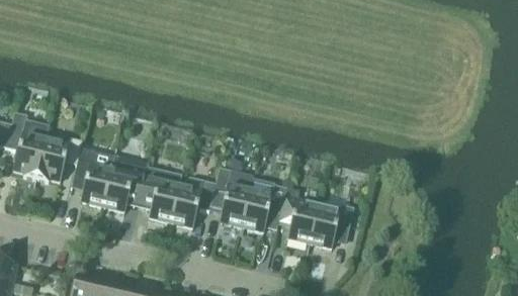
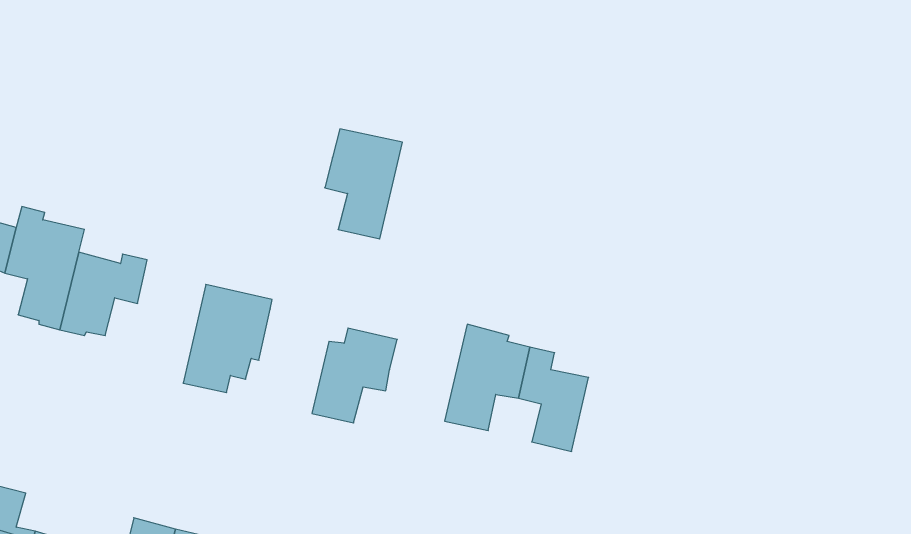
building: [73,145,113,206] -> none
building: [142,167,179,222] -> none
building: [211,168,253,226] -> [325,129,402,239]
building: [309,203,353,248] -> none

